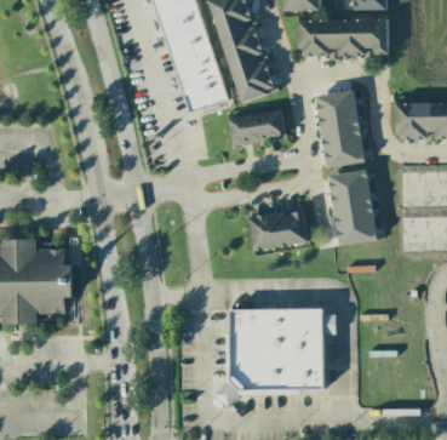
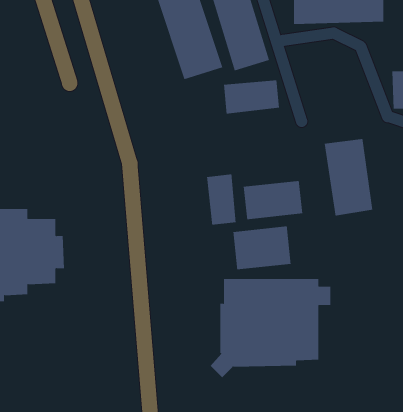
building: [317,90,363,166] -> none
building: none -> [206,173,236,226]
building: none -> [233,225,291,270]

